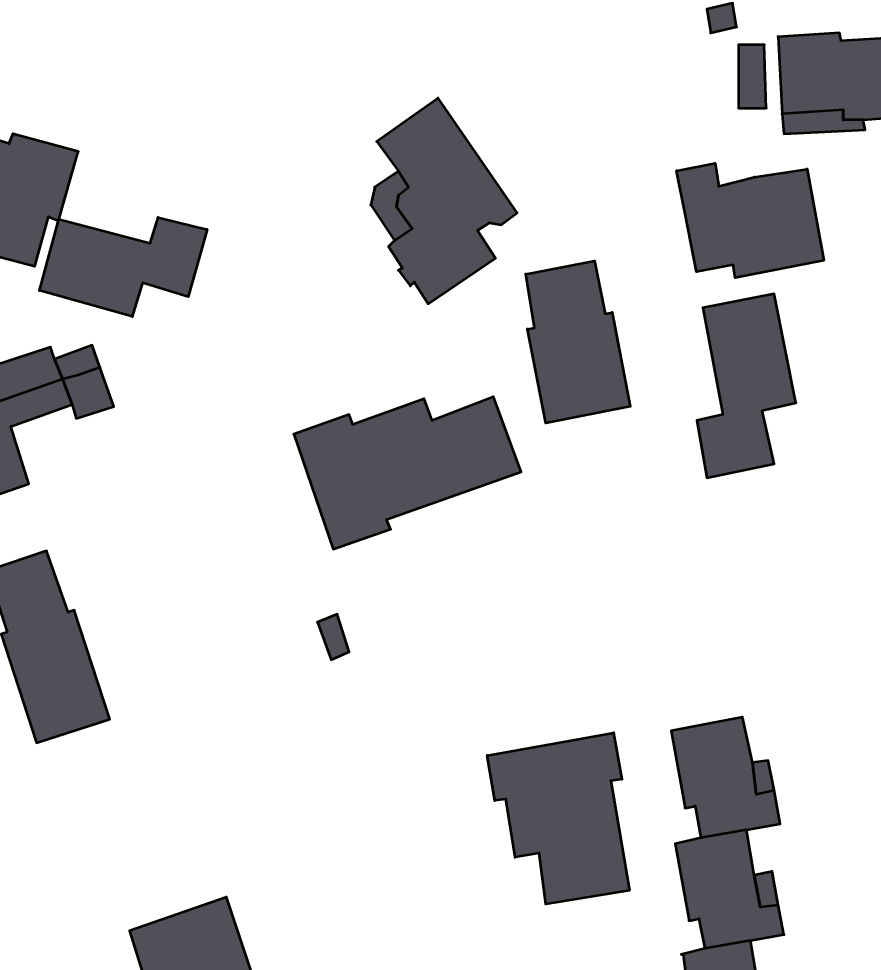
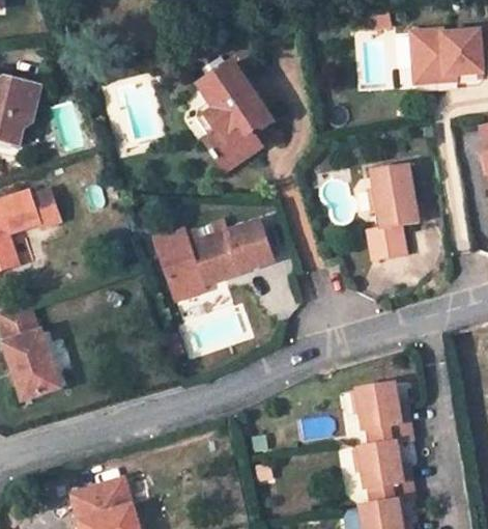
building: [677,163,824,278] -> none
building: [39,217,207,317] -> none
building: [526,261,630,423] -> none
building: [487,733,629,904] -> none

